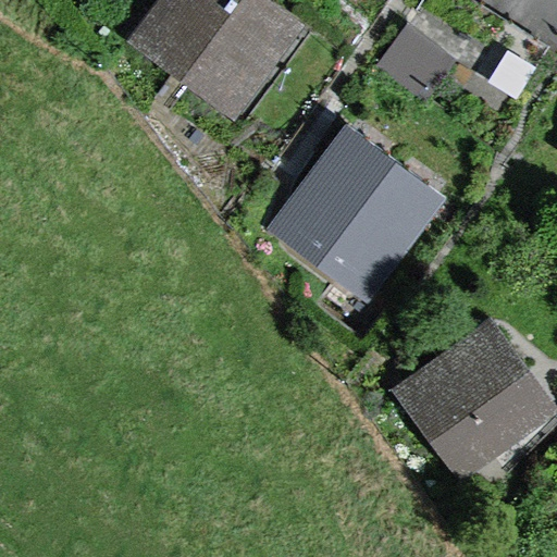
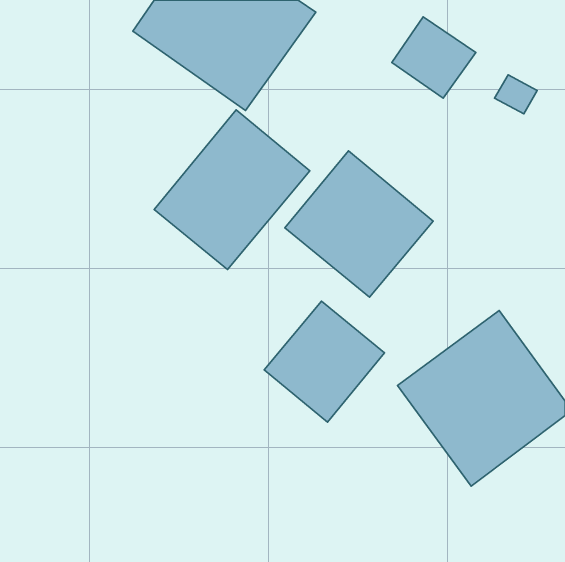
building: none -> [154,110,310,269]
building: none -> [264,301,385,422]

